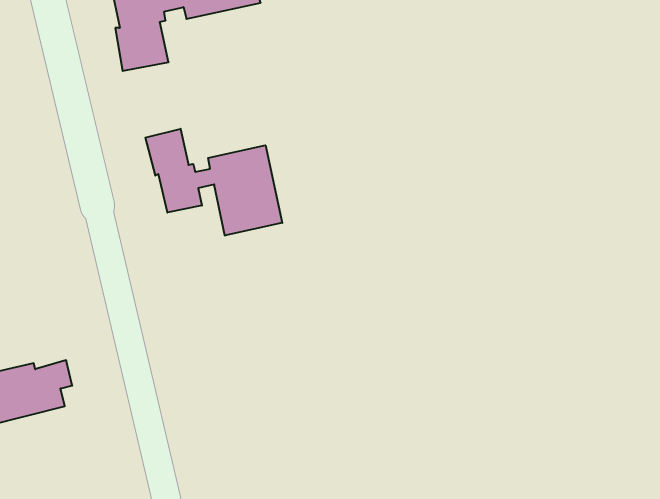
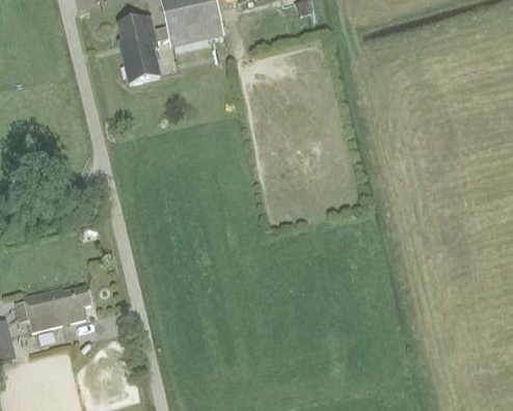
building: [145,129,282,236] -> none

